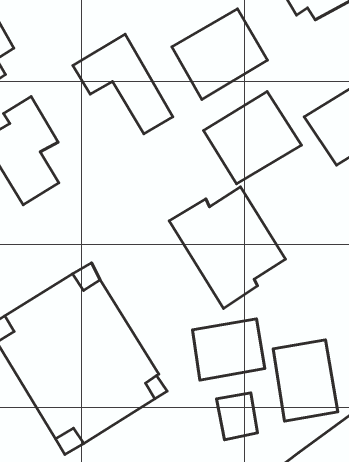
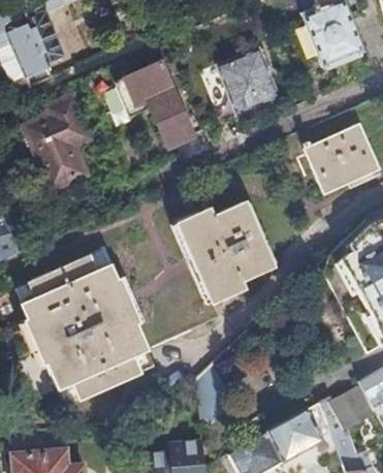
building: [203,91,301,184] -> none
building: [193,319,265,380] -> none
building: [273,340,338,421] -> none

